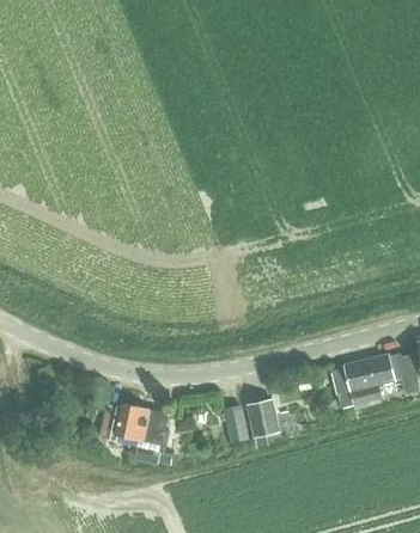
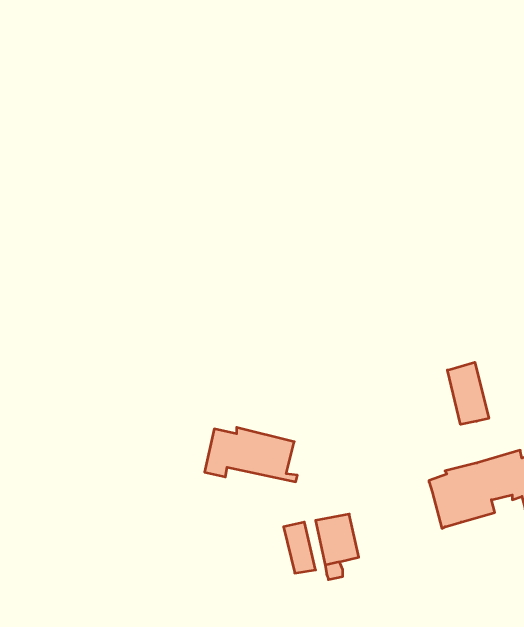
building: none -> [447,362,489,424]
building: [98,404,168,445] -> [205,427,297,482]

